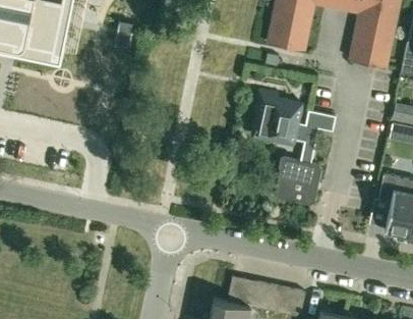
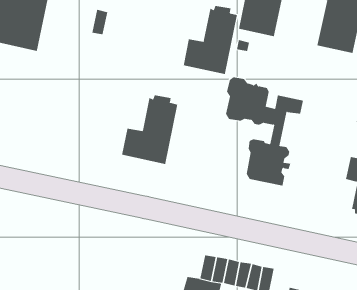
building: none -> [183,5,237,75]
building: none -> [122,94,178,165]

